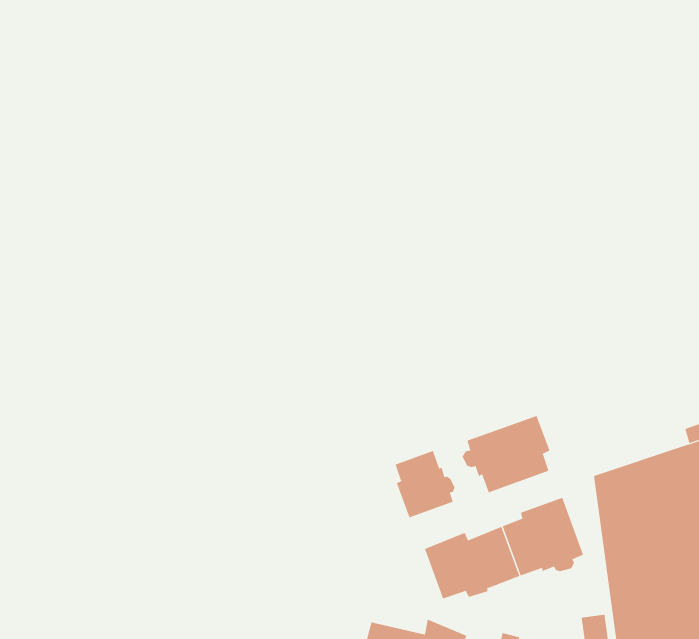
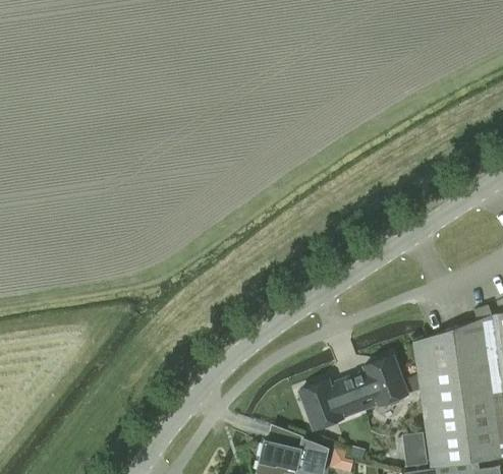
building: [462,415,550,493] -> none
building: [395,450,455,518] -> none

